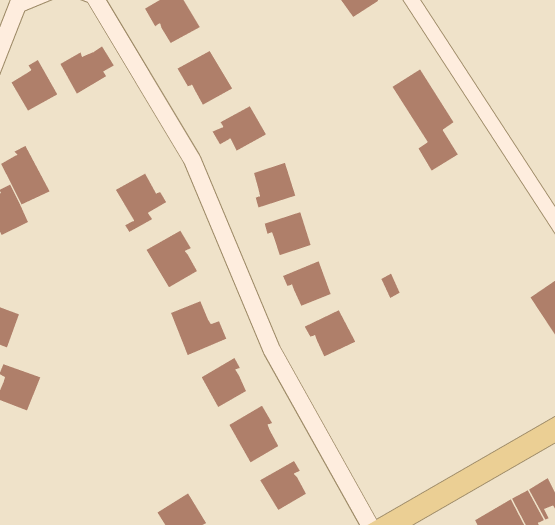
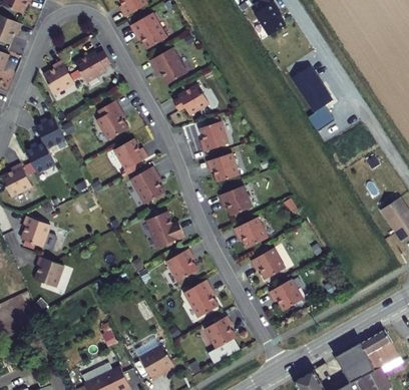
building: none -> [96,101,127,141]
building: none -> [251,250,285,282]
building: none -> [269,281,303,313]

